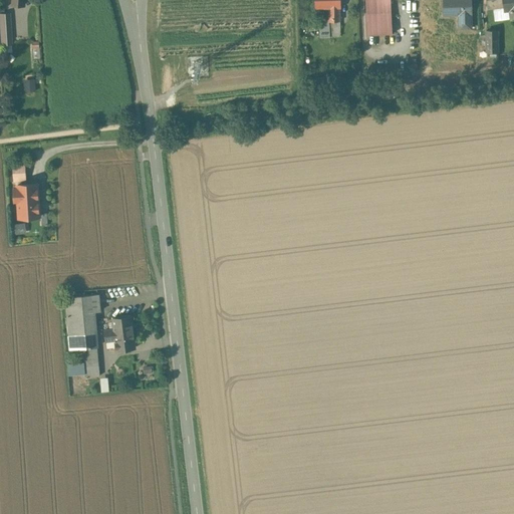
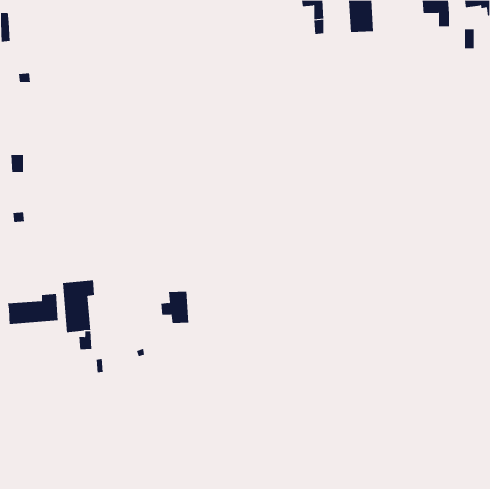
building: [17,185,38,218] -> none
building: none -> [7,293,58,325]
building: [103,316,134,350] -> [160,291,189,324]

